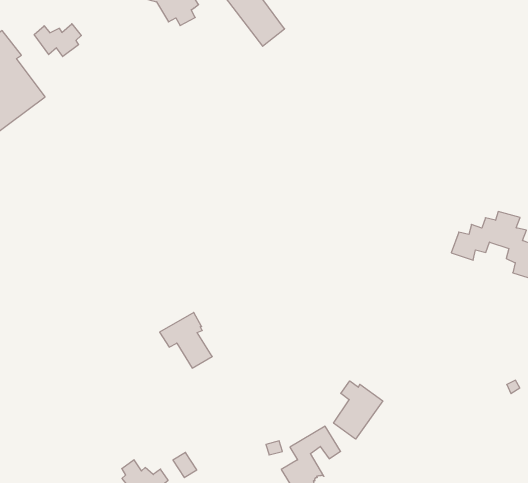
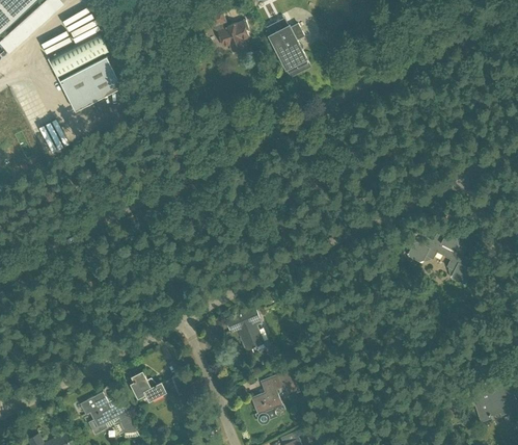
building: [34,24,81,57] -> none
building: [160,312,212,368] -> [226,308,263,349]
building: [334,381,383,439] -> none

